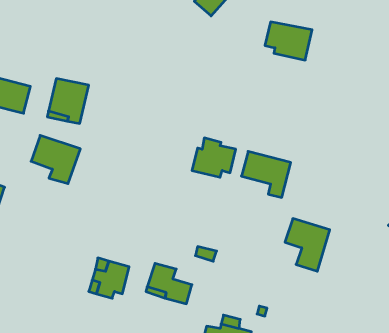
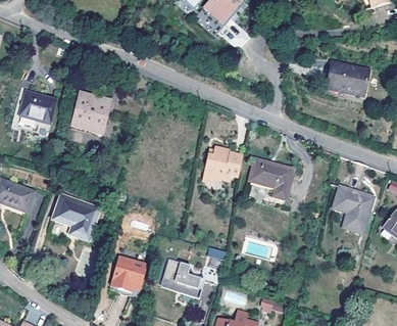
building: [265,22,312,60] -> [327,61,369,96]
building: [31,135,80,184] -> [53,195,98,239]
building: [285,219,330,271] -> [332,186,373,234]

